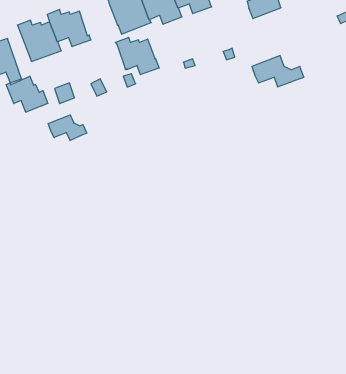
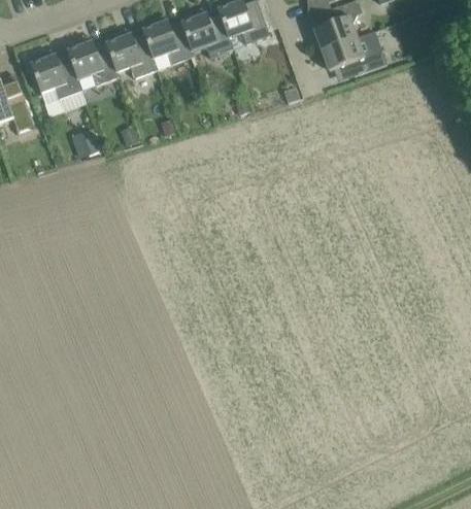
building: [115,37,159,75] -> [103,32,158,78]
building: [252,56,304,87] -> [322,37,386,76]
building: [6,76,48,112] -> none
building: [48,115,87,141] -> none

